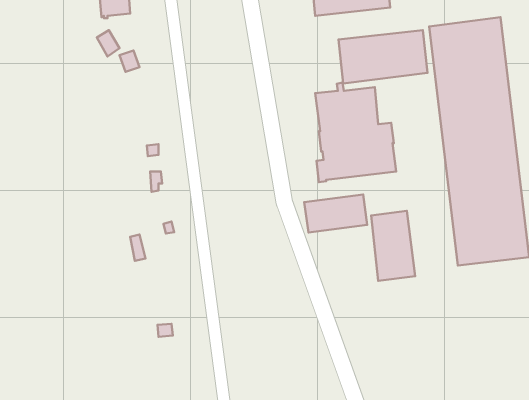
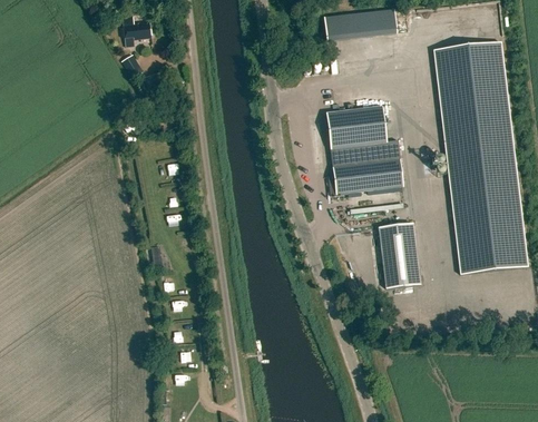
building: [338,30,427,84] -> none
building: [304,195,367,232] -> none

